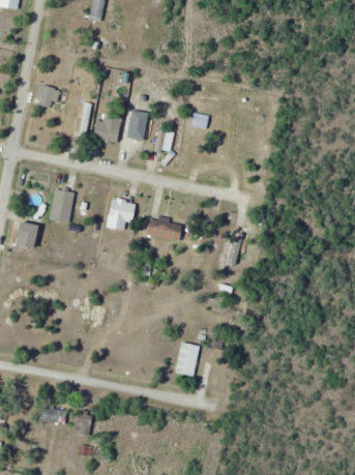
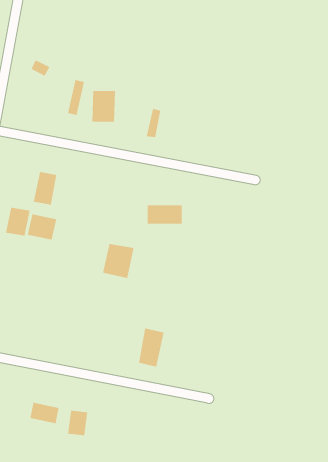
building: [128,119,148,148] -> none
building: [106,198,136,231] -> [102,243,134,279]
building: none -> [27,213,57,241]
building: [175,342,200,379] -> [138,328,165,368]

